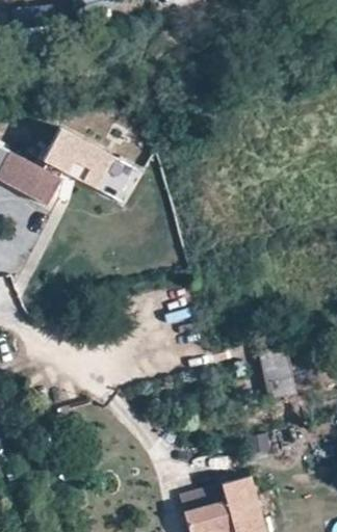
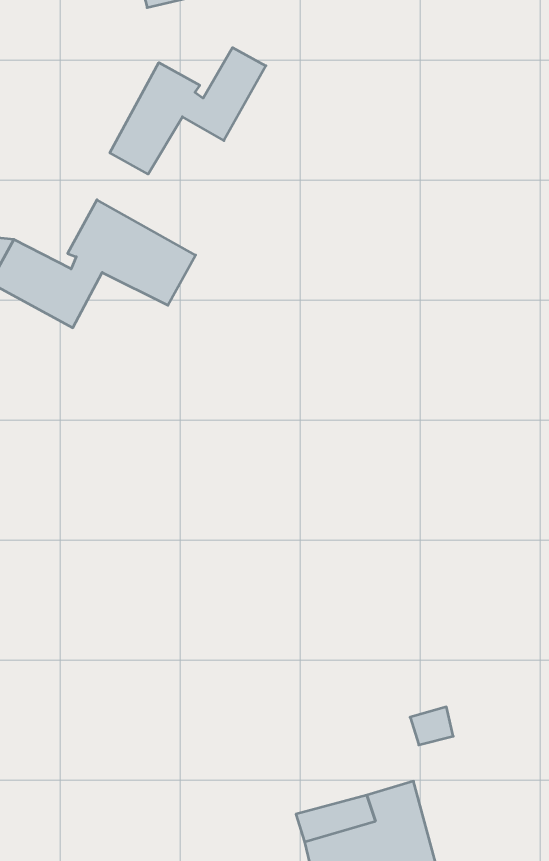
building: none -> [110,48,266,174]
building: [260,347,294,403] -> none

